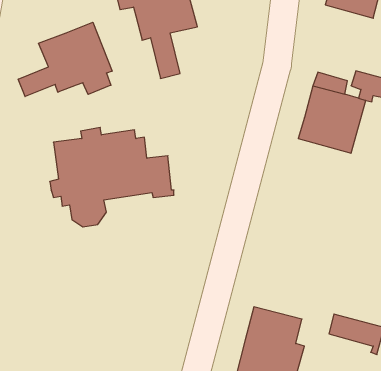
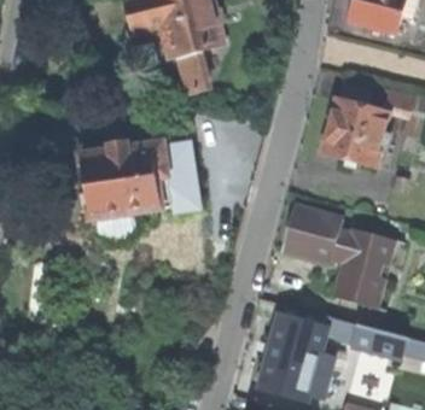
building: [18,22,112,97] -> none
building: none -> [285,206,388,306]

